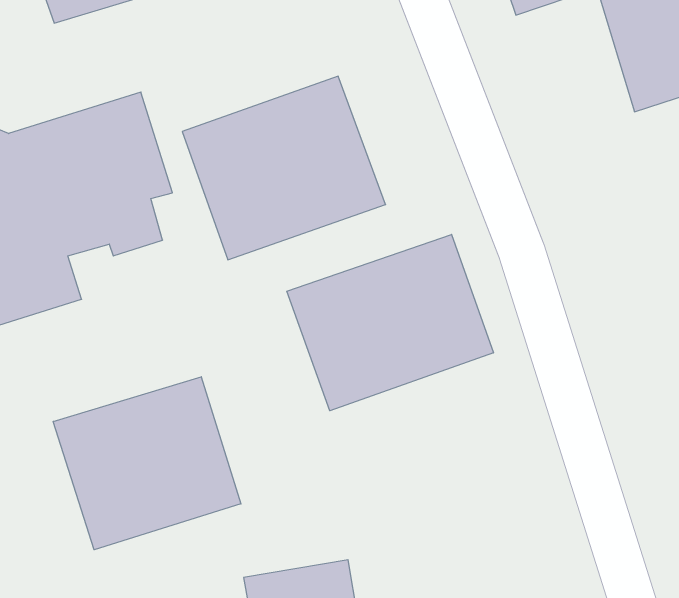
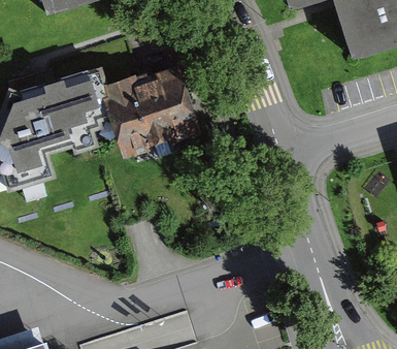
building: [287,234,493,411] -> none
building: [53,377,241,550] -> none

